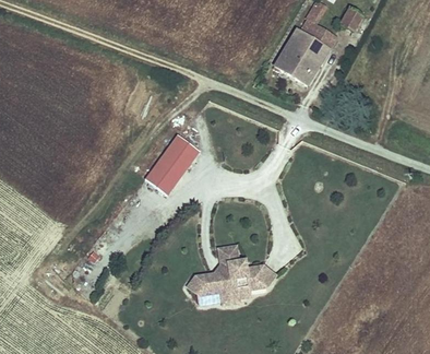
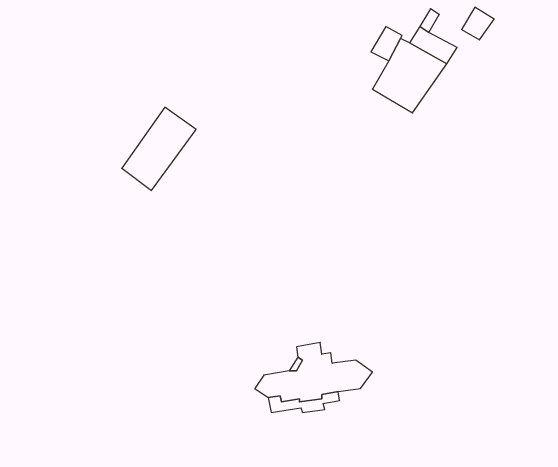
building: [144,133,199,194] -> [122,107,196,191]

